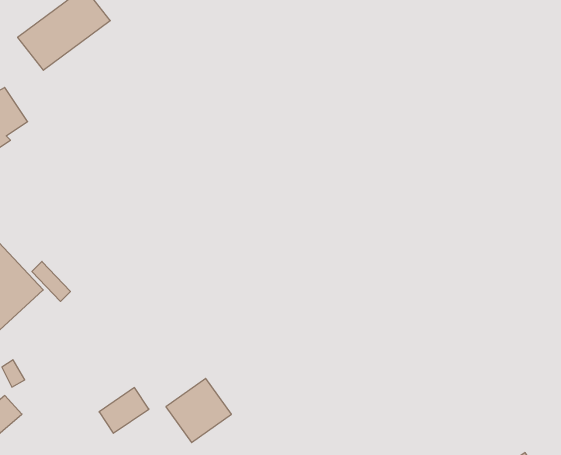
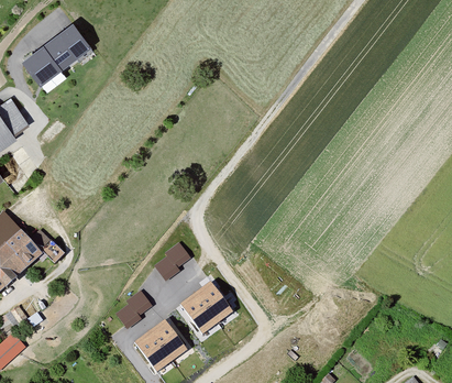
building: none -> [153,242,192,278]
building: none -> [183,283,233,332]
building: [99,388,149,433] -> [115,291,154,326]

